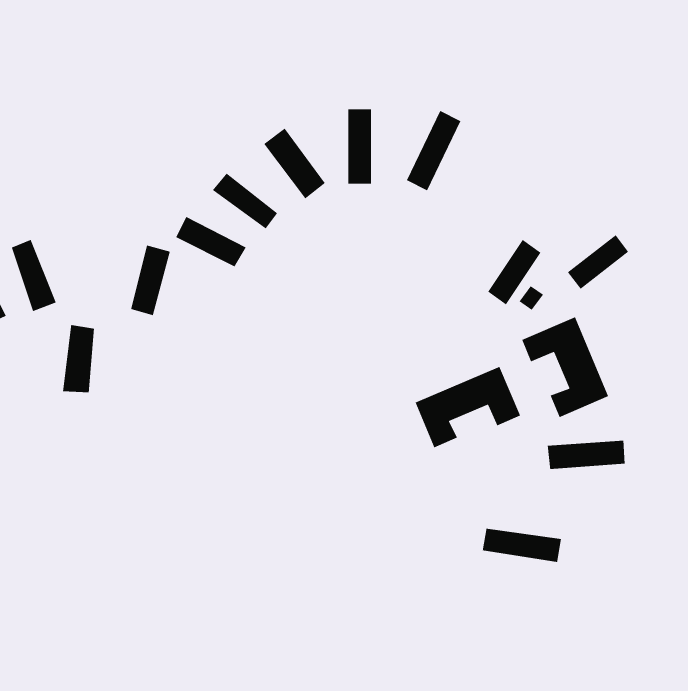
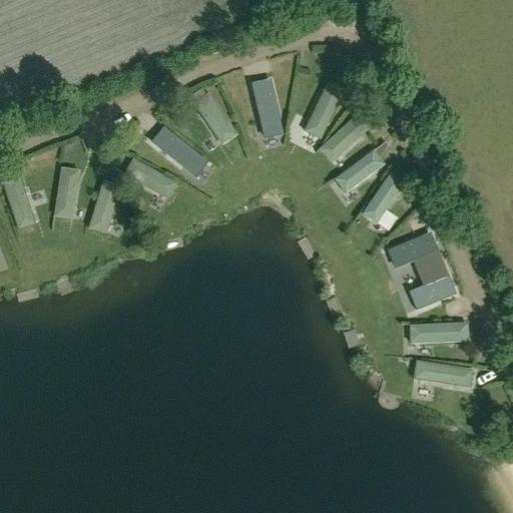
building: none -> [318,113,370,163]
building: [567,234,629,290] -> [331,153,377,194]
building: [62,324,95,393] -> [59,167,83,218]
building: [414,366,521,449] -> none
building: [482,528,562,563] -> [414,362,473,388]

